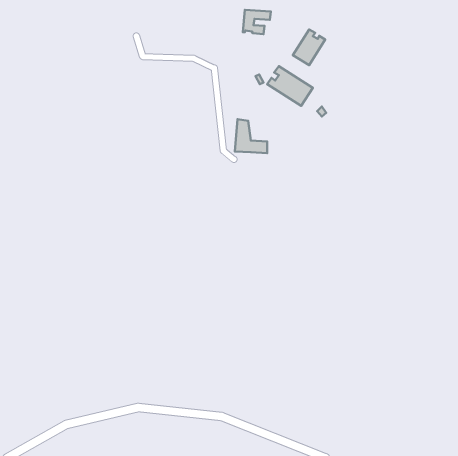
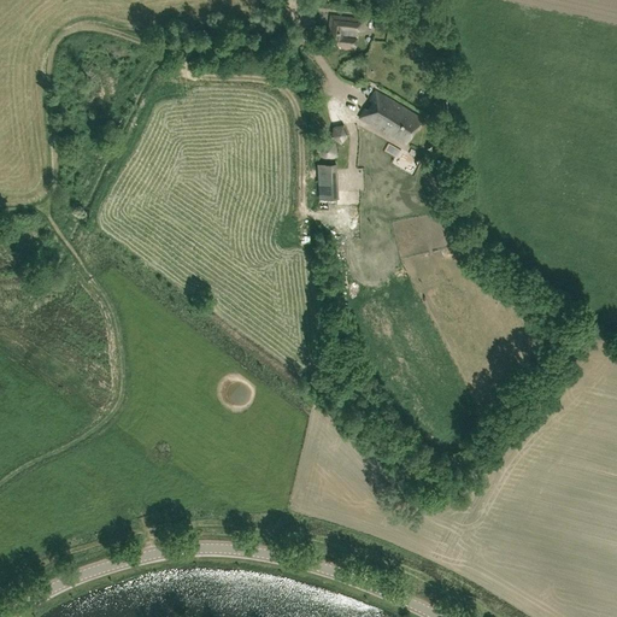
building: [293,29,325,65] -> none

